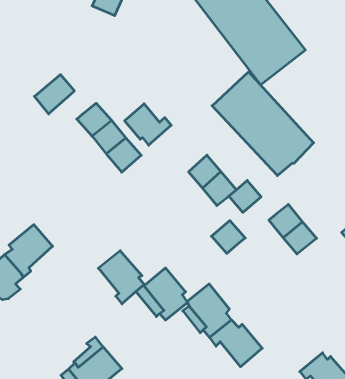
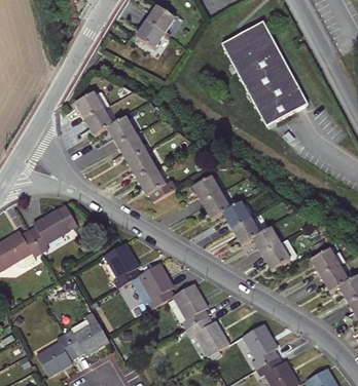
building: [212,72,314,176] -> none
building: none -> [85,109,113,137]
building: [125,104,171,145] -> [138,167,176,202]
building: [211,221,245,253] -> [232,219,260,245]
building: none -> [244,323,279,369]

